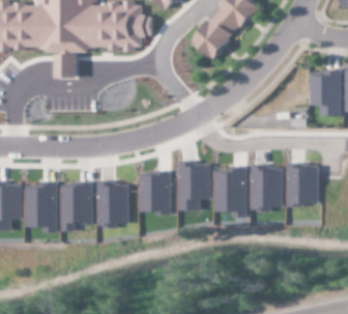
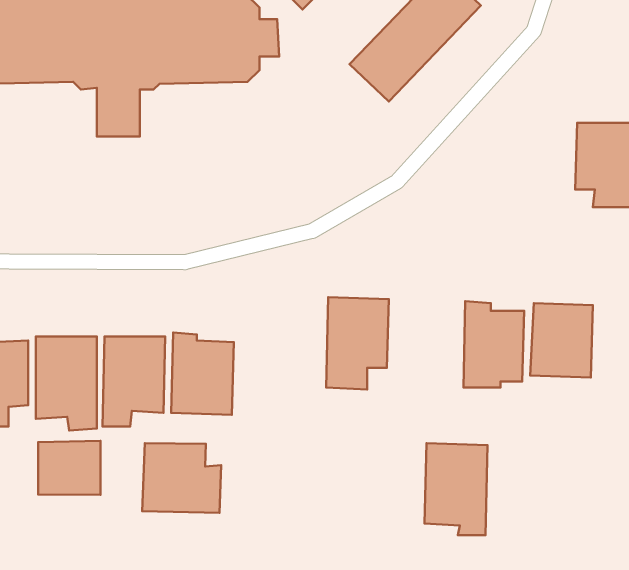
building: [213,168,247,217] -> [425,443,487,535]
building: [139,173,171,213] -> none
building: none -> [38,441,101,495]
building: none -> [142,443,221,513]

